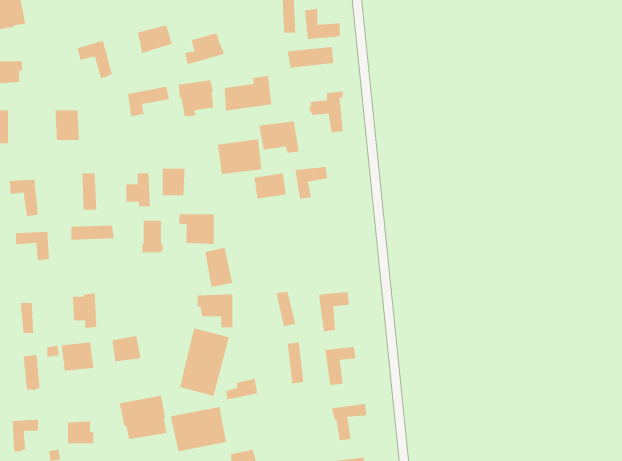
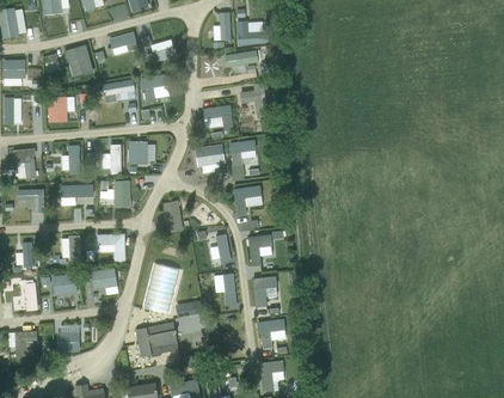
building: [224,75,272,111] -> none
building: [217,139,262,175] -> none
building: [179,213,214,245] -> none
building: none -> [233,185,262,214]
building: [197,293,233,328] -> [97,233,124,259]
building: [119,395,168,440] -> none

